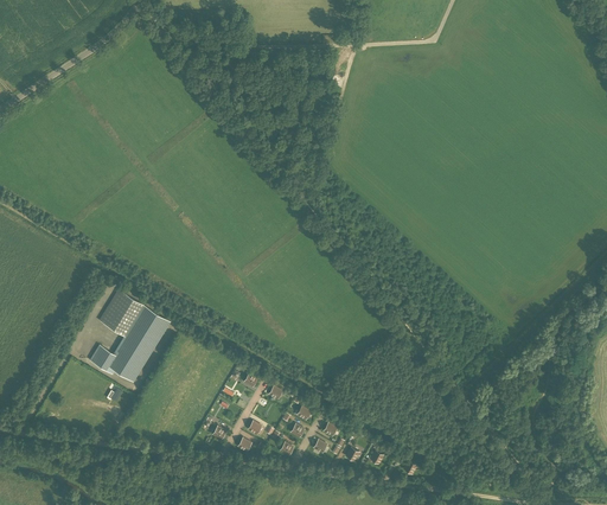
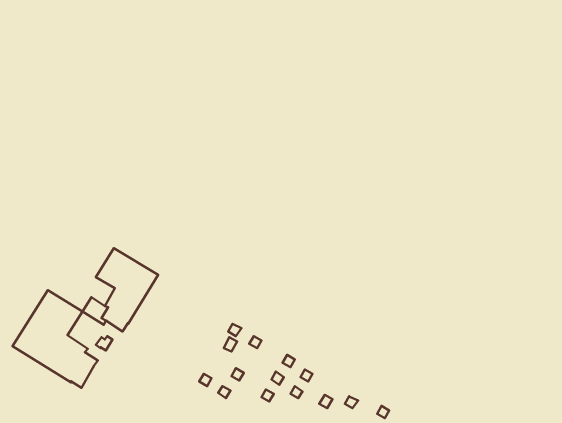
building: none -> [13,290,98,388]

